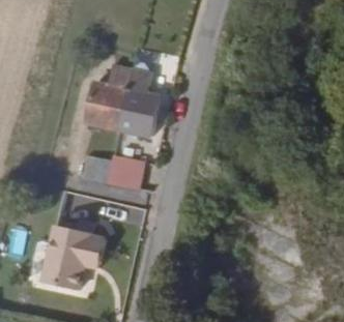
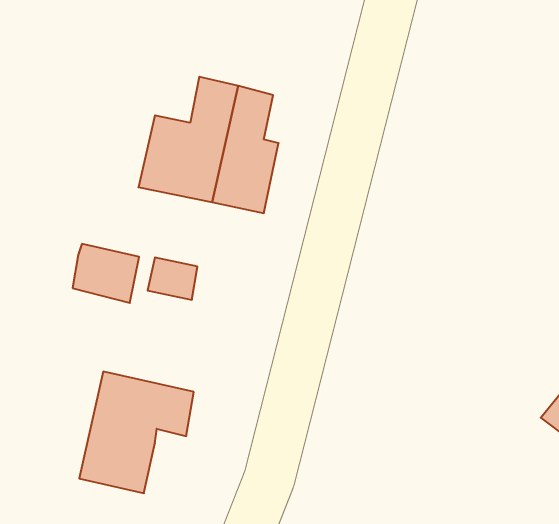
building: [110,158,147,192] -> [73,244,139,303]

